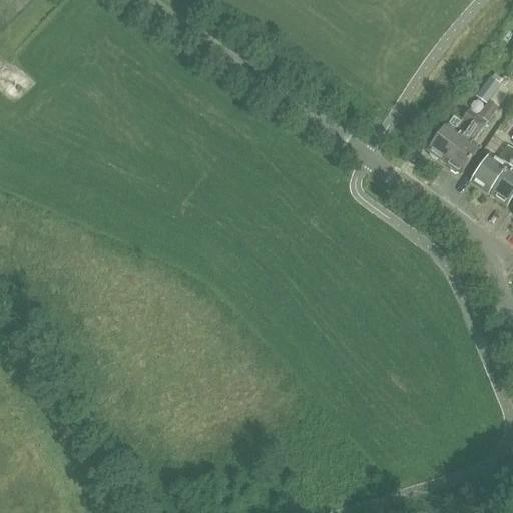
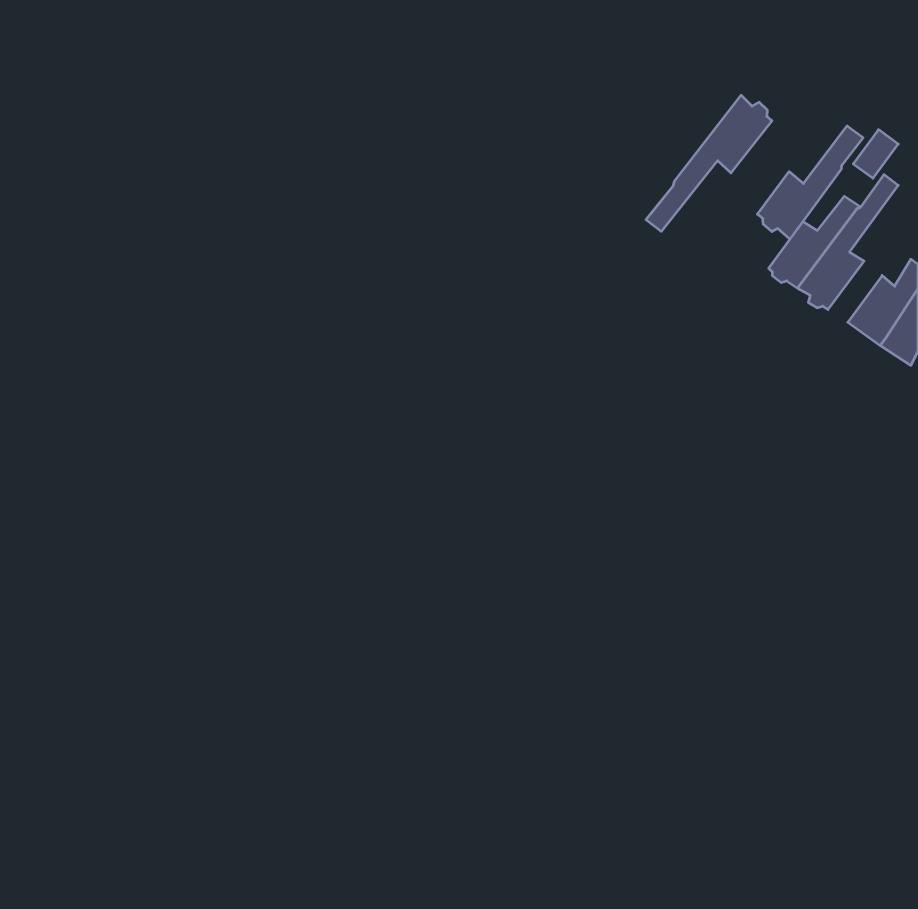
building: none -> [646,95,772,231]
building: none -> [757,126,863,239]

